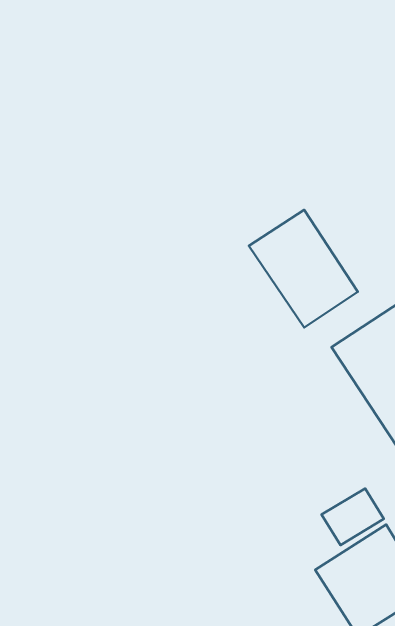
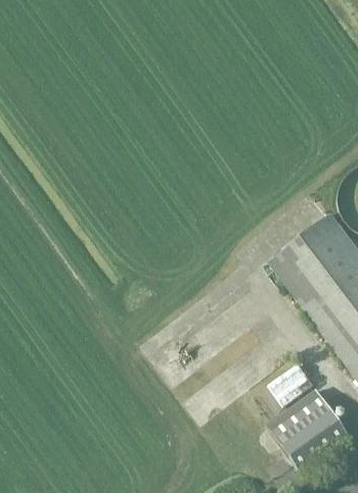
building: [249,210,358,327] -> none

